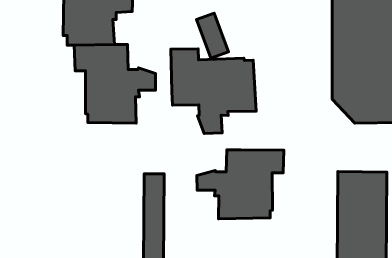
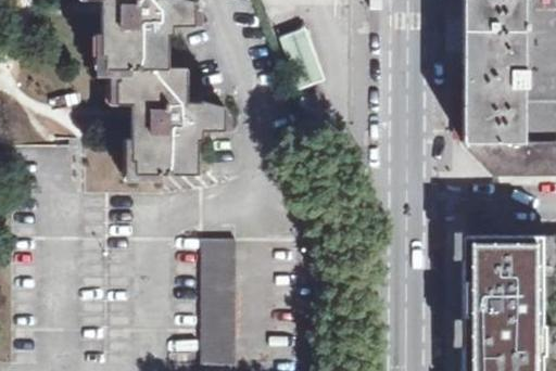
building: [171,49,256,134] -> none
building: [197,150,284,219] -> none

